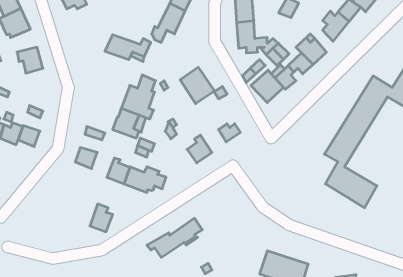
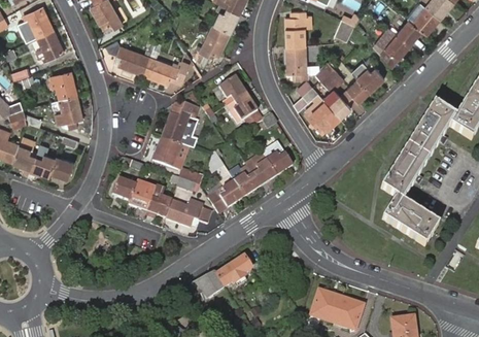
building: none -> [108,41,158,76]
building: none -> [218,76,245,107]
building: none -> [59,95,82,125]
building: none -> [245,153,275,186]
building: none -> [207,181,243,214]
building: [90,204,113,232] -> [129,182,153,212]

